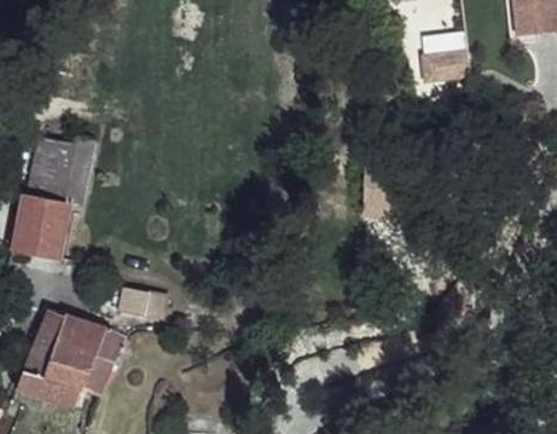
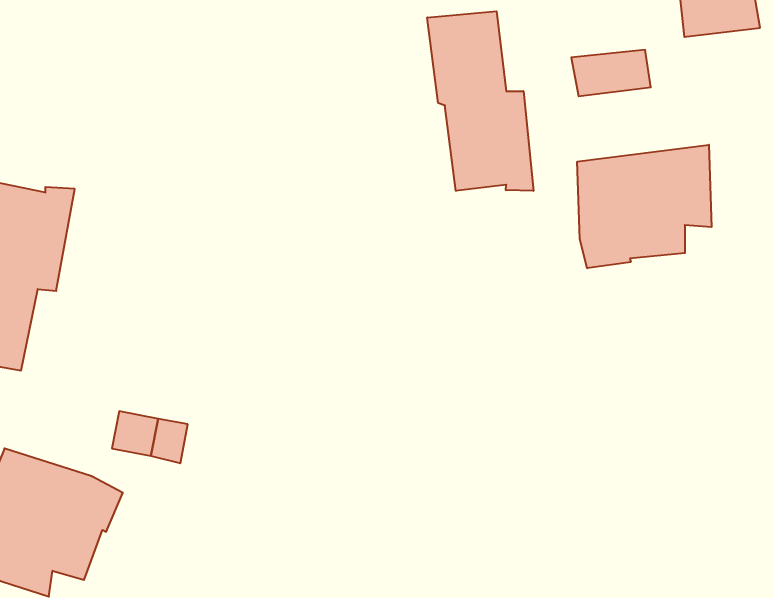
building: none -> [427,11,533,191]
building: none -> [577,145,712,268]

